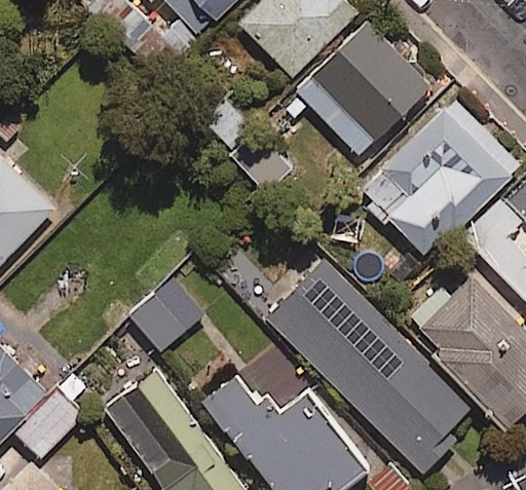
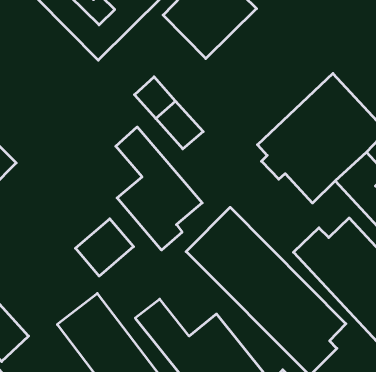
building: [297,24,429,155] -> none
building: none -> [116,127,202,250]

